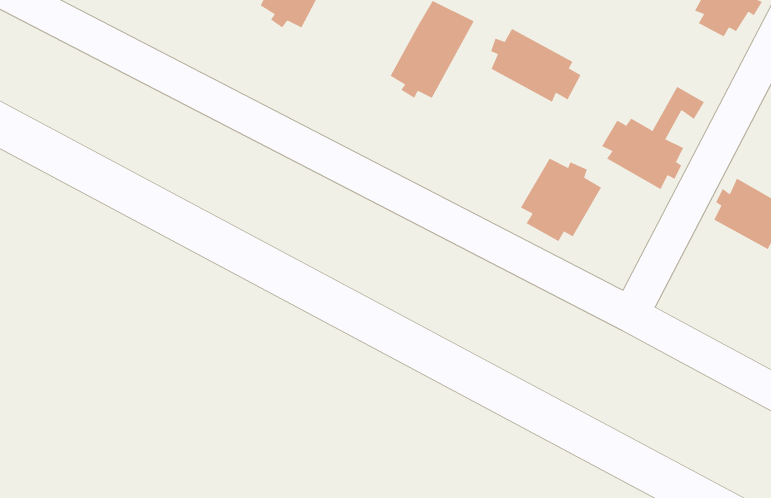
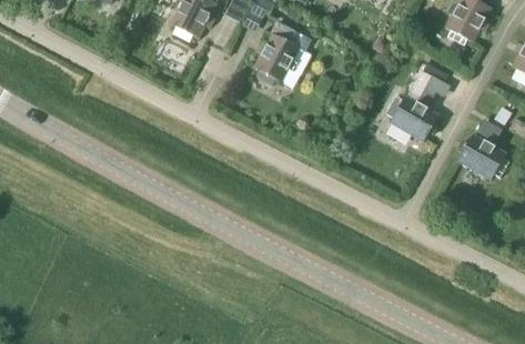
building: [490,28,581,103] -> none
building: [520,158,602,242] -> none

